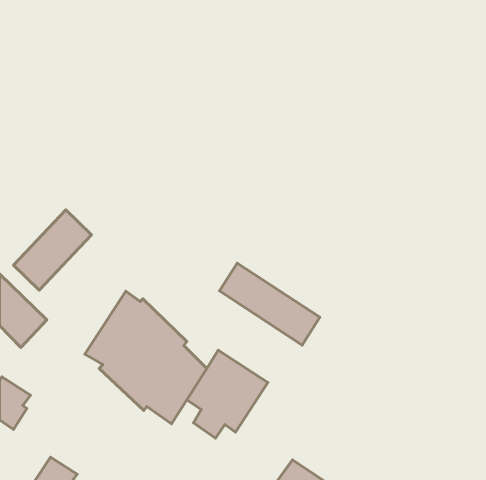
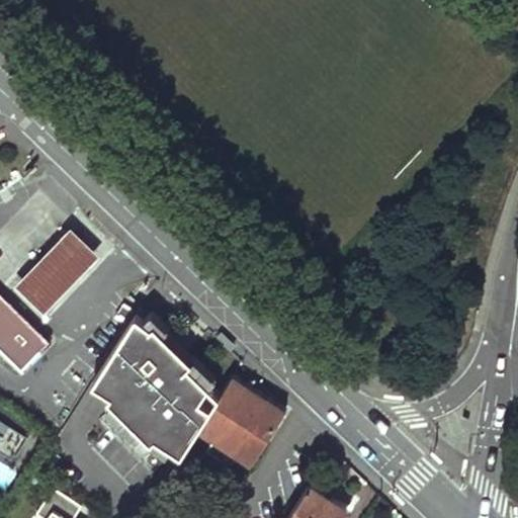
building: [219,263,320,345] -> none

